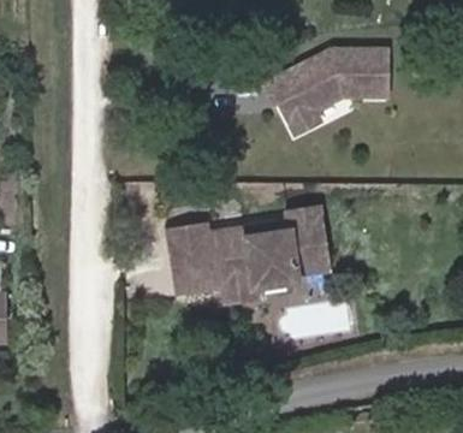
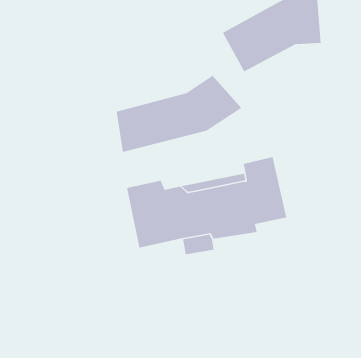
building: none -> [116,75,242,153]

